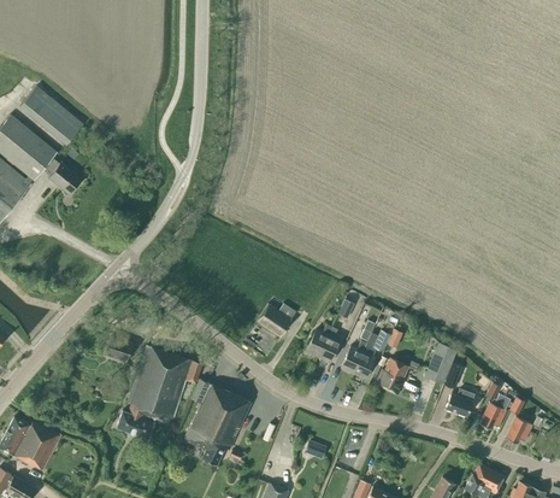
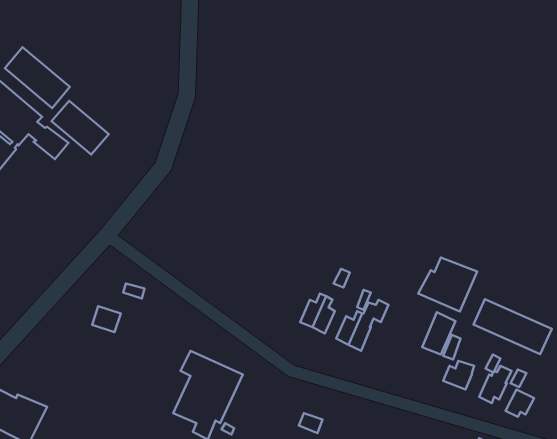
building: none -> [51,101,109,155]
building: none -> [418,257,477,311]
building: [257,304,296,338] -> none
building: none -> [473,299,552,354]
building: [117,346,202,439] -> none
building: [376,358,409,394] -> none

